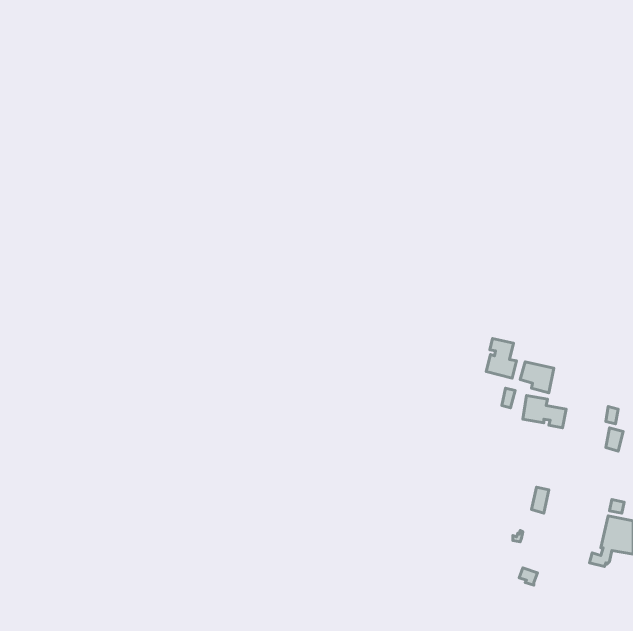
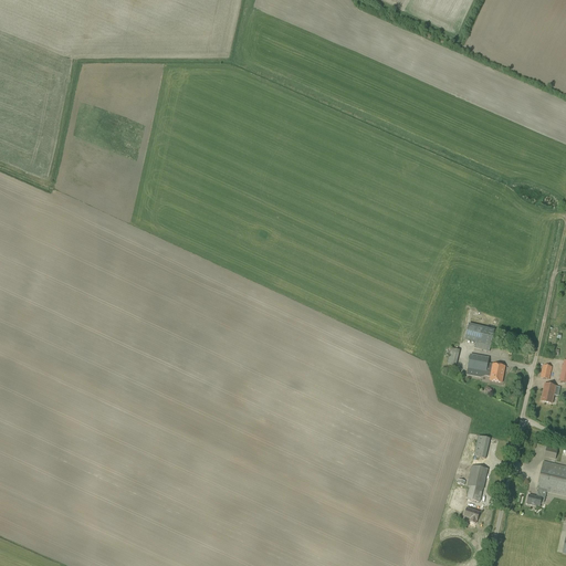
building: [486,338,517,378] -> none
building: none -> [467,463,488,501]

